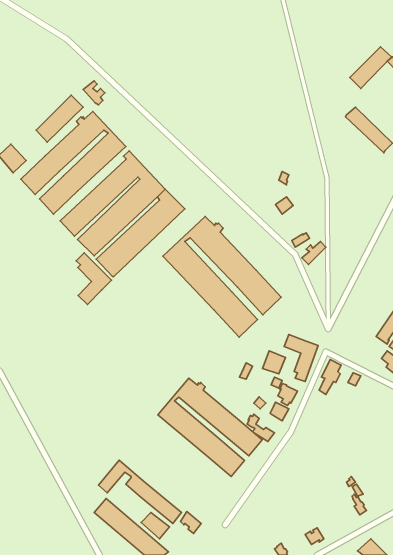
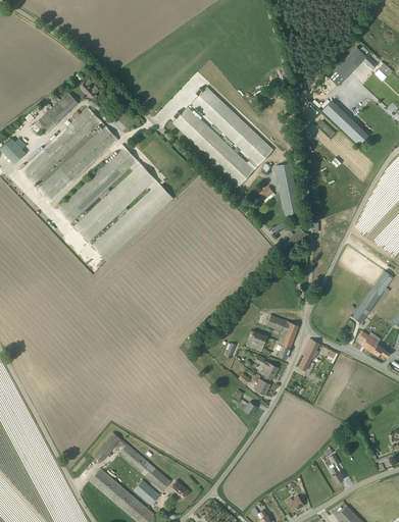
building: none -> [171,87,272,185]
building: none -> [276,162,299,214]
building: [163,216,281,337] -> none
building: [76,253,112,305] -> none
building: [158,378,262,477] -> none

